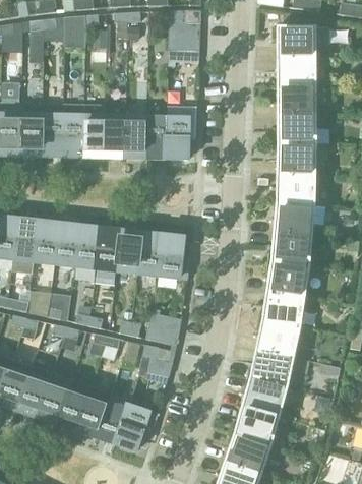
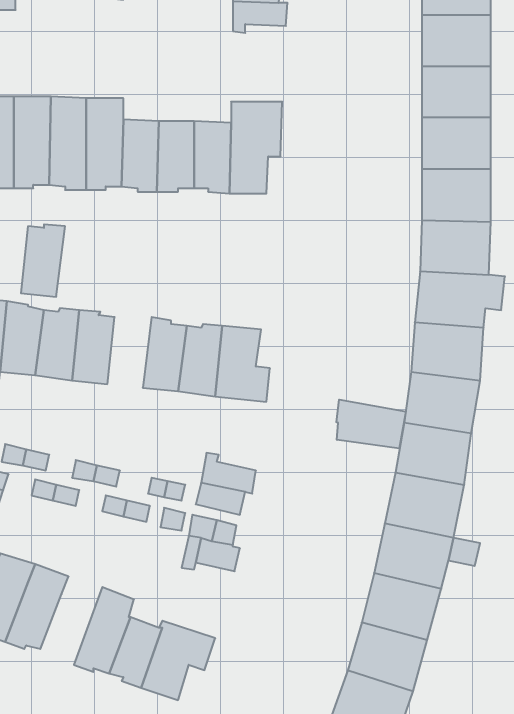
building: [96,229,121,270] -> [21,224,65,297]
building: none -> [336,400,406,449]
building: [57,379,93,430] -> none

